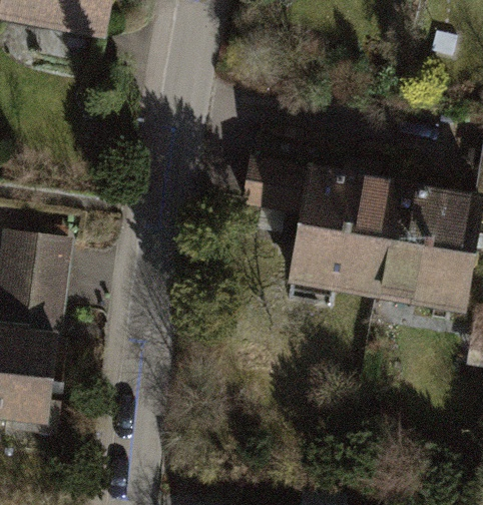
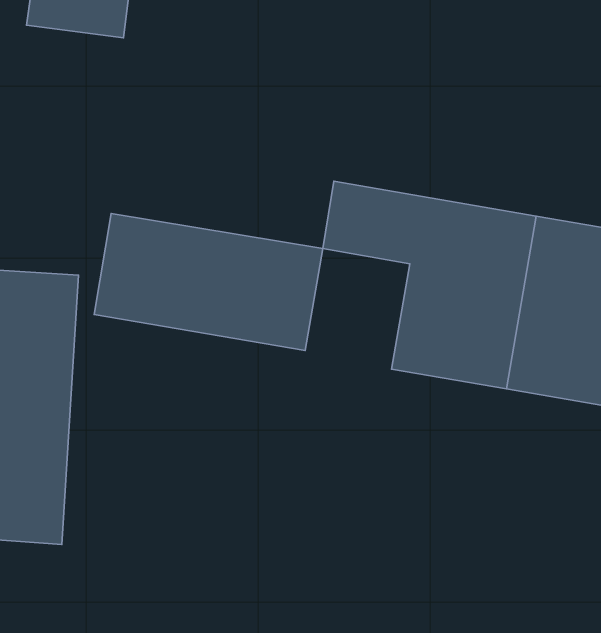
building: none -> [94,213,323,351]

